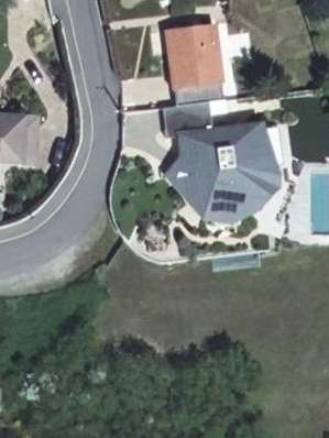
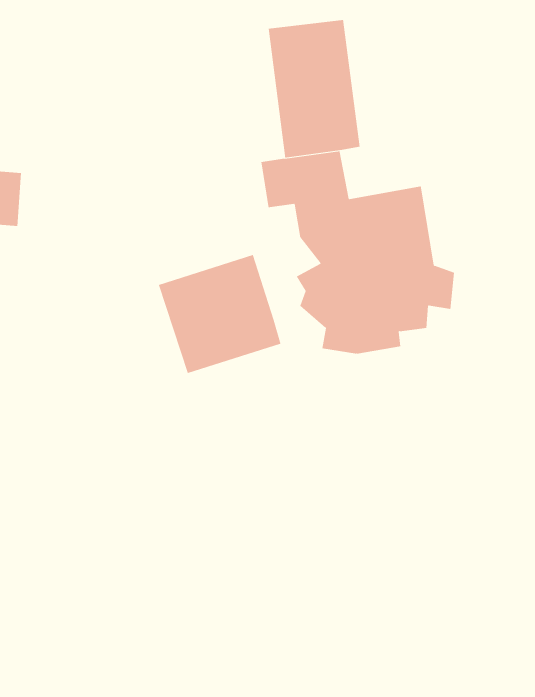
building: none -> [158,254,281,374]

